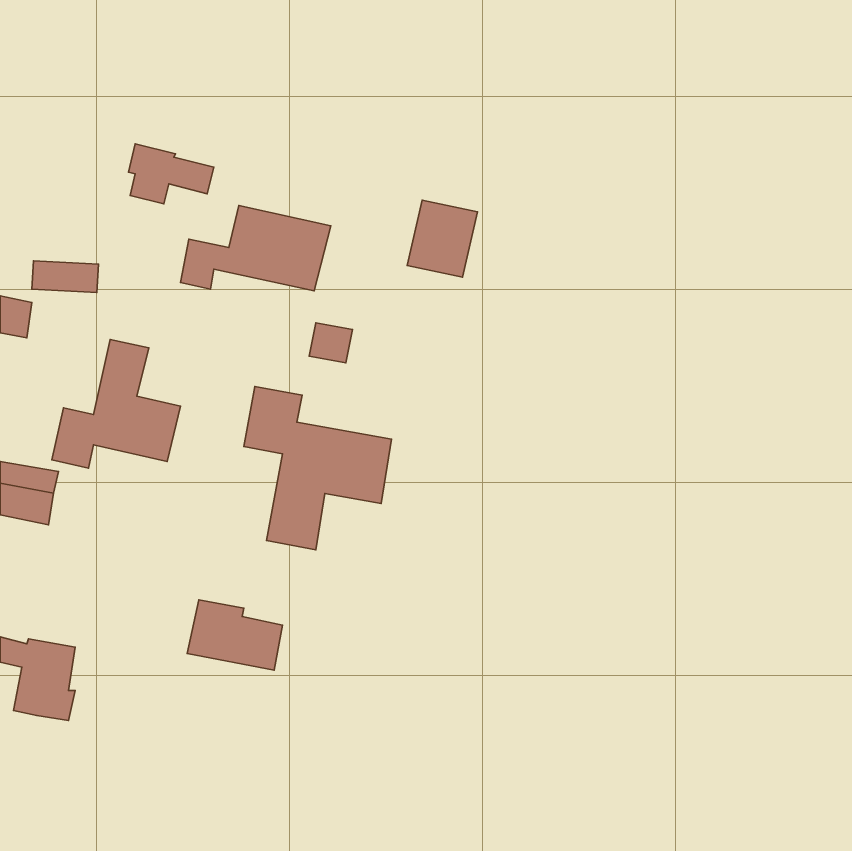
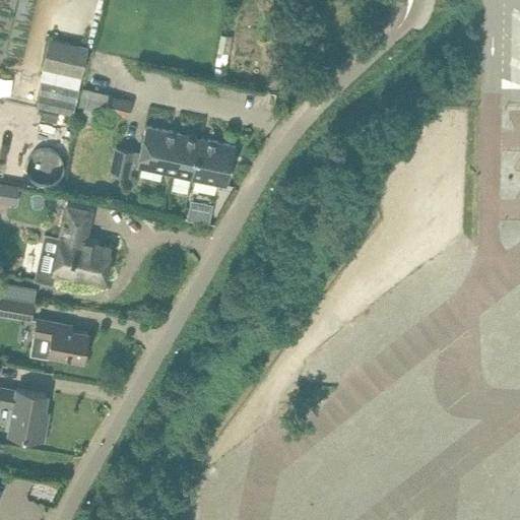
building: none -> [42,39,88,78]
building: none -> [37,82,79,117]
building: [407,200,477,277] -> [193,139,236,186]
building: [244,387,392,550] -> none
building: [187,600,282,670] -> [30,319,88,362]

